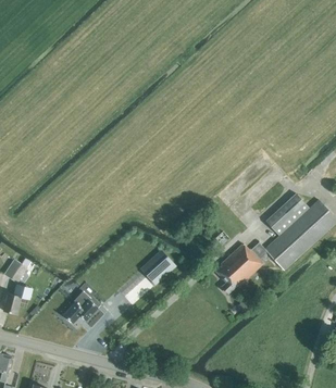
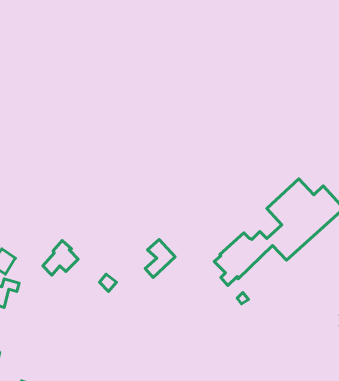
building: [63,290,97,323] -> [43,241,78,275]

